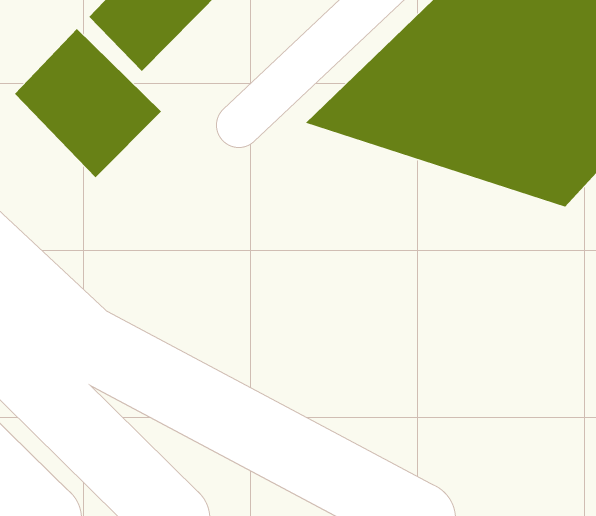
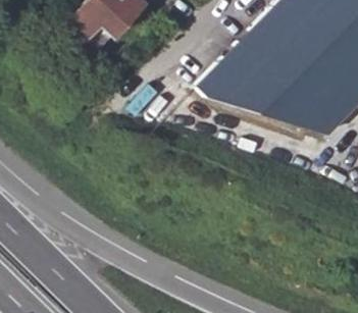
building: [14,28,162,178] -> none

